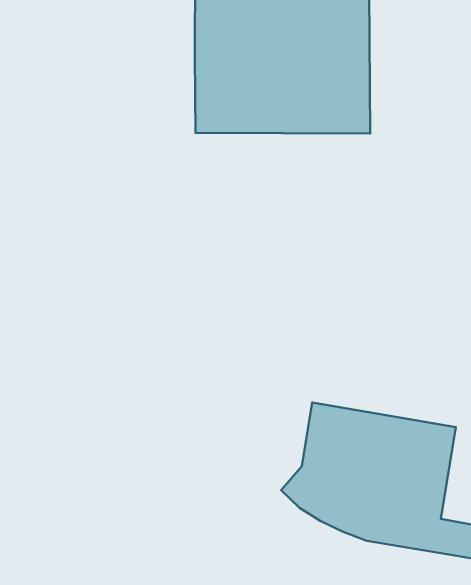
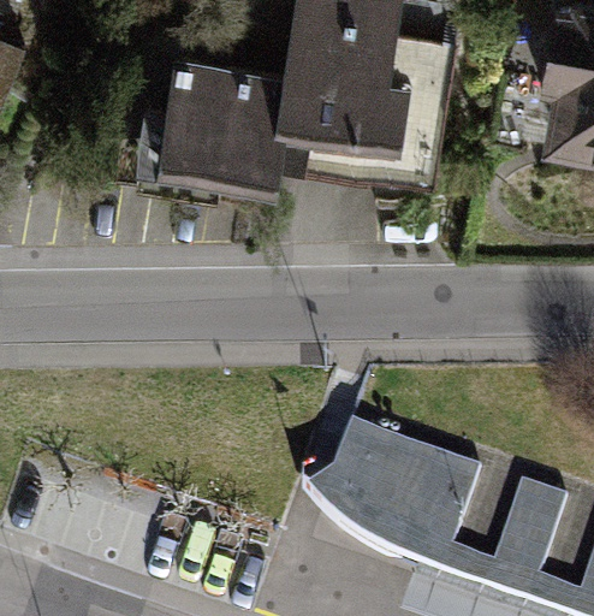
building: none -> [153,60,289,185]

